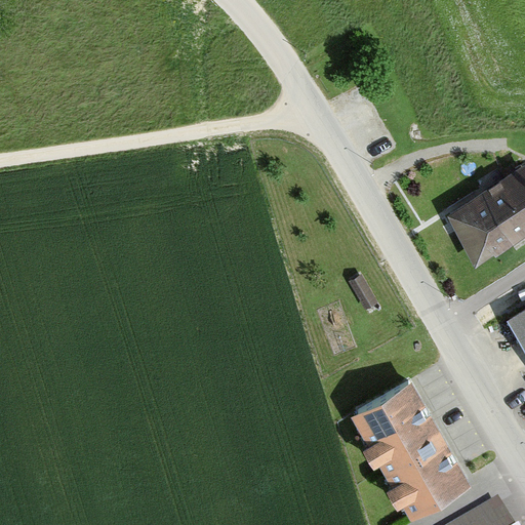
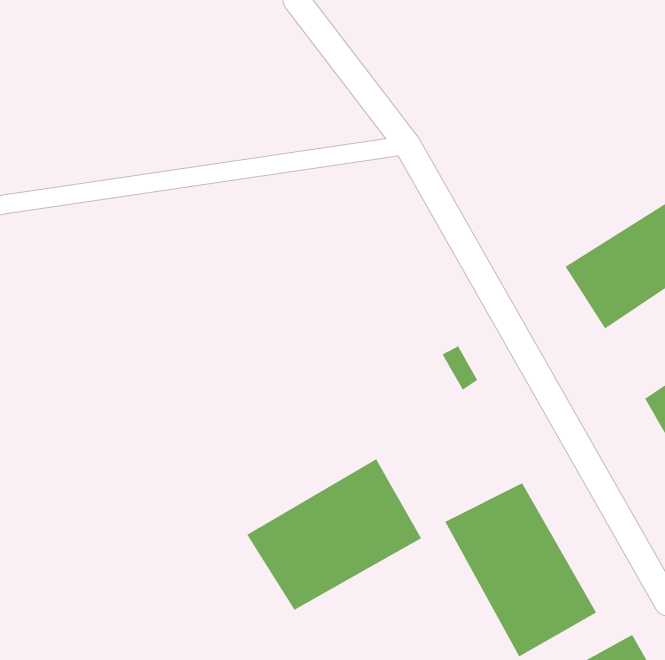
building: none -> [246,458,422,611]

